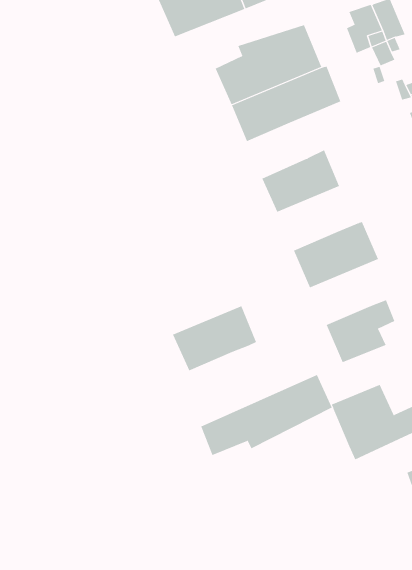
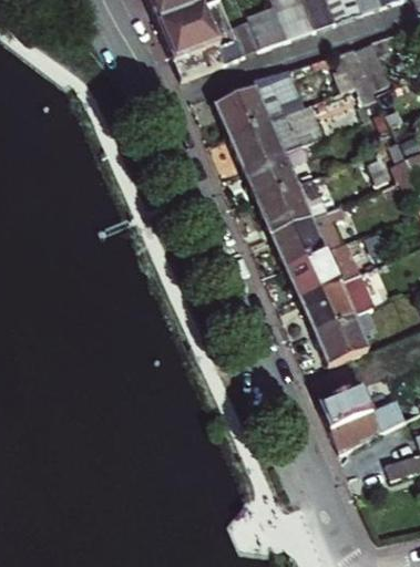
building: none -> [245,155,298,204]
building: none -> [272,204,347,267]
building: [172,306,257,371] -> [300,275,375,332]
building: [200,374,332,456] -> none

